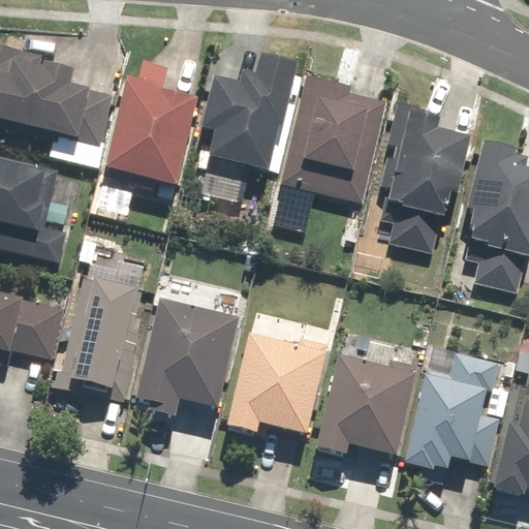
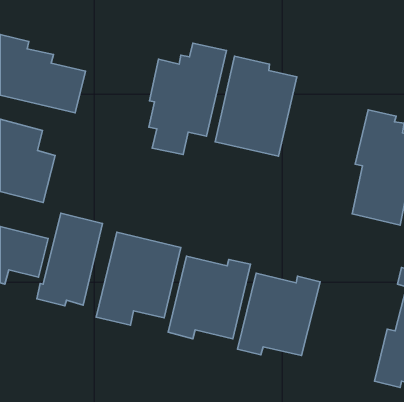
building: [94,61,200,214] -> none
building: [378,100,472,252] -> none
building: [401,342,503,472] -> none

